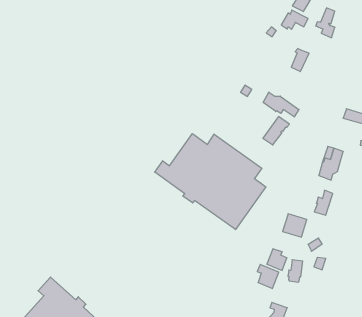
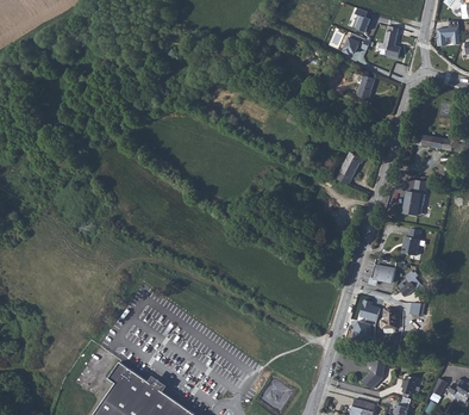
building: [263,92,299,117] -> none
building: [155,134,266,230] -> none

